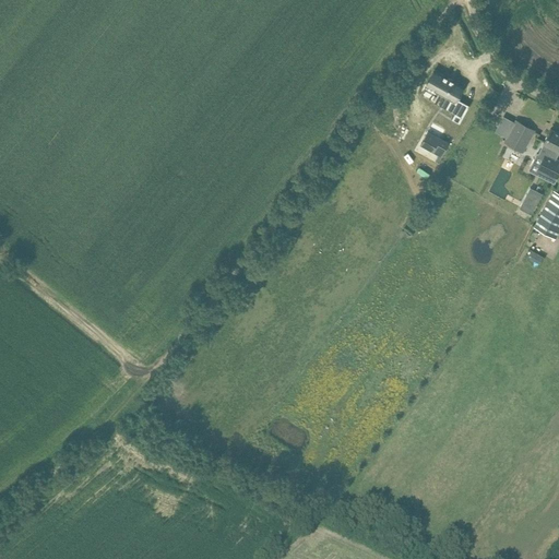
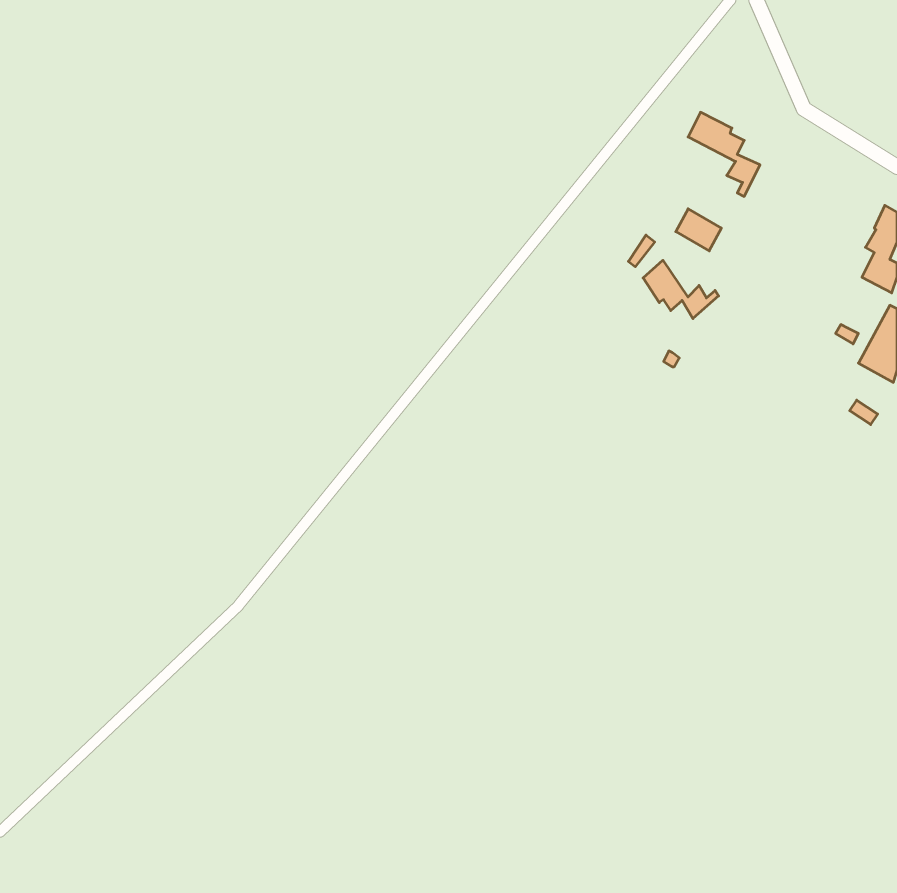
building: [504,122,534,153] -> none
building: none -> [643,260,719,319]

